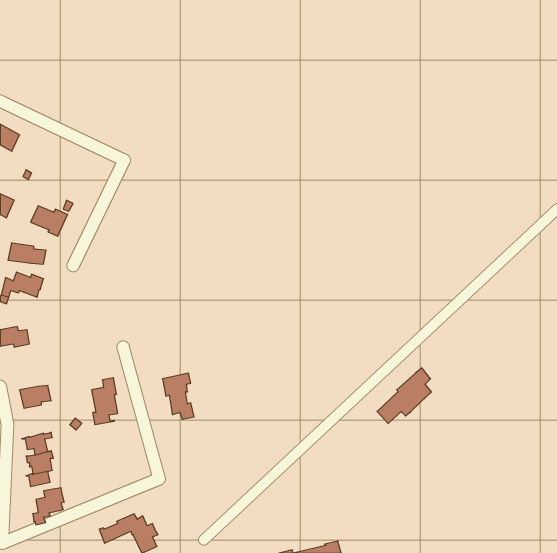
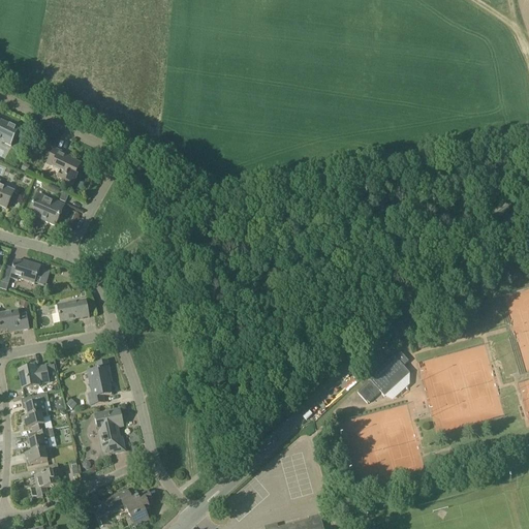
building: none -> [46,147,81,188]
building: [8,243,46,264] -> none
building: none -> [57,299,89,320]
building: [162,373,194,419] -> [95,408,125,452]
building: none -> [21,392,49,415]

